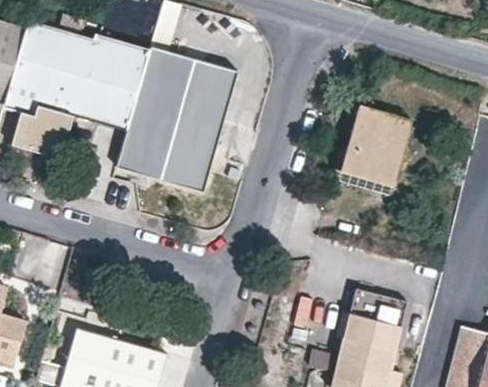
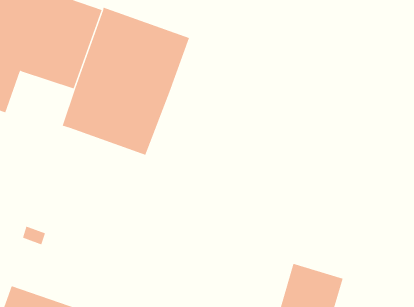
building: [339,105,406,183] -> none

